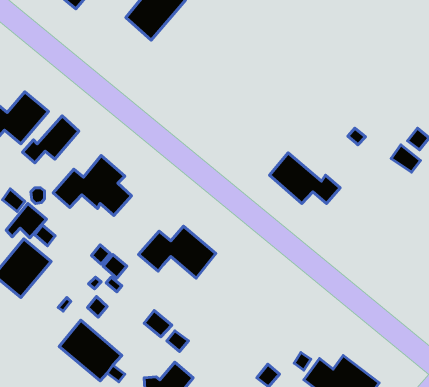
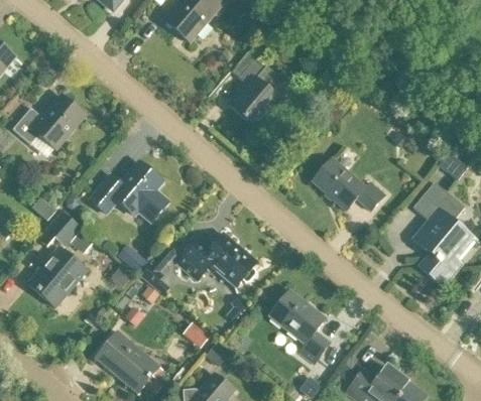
building: none -> [228,54,281,130]
building: [22,116,79,163] -> none
building: none -> [412,182,470,286]
building: none -> [268,290,330,363]

